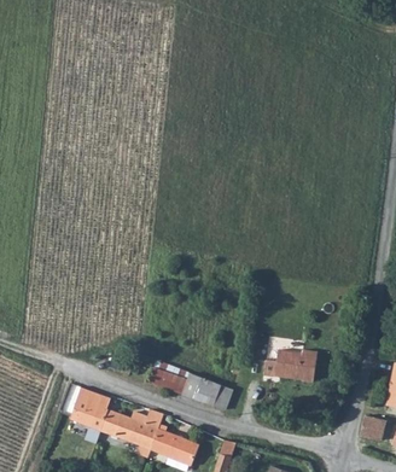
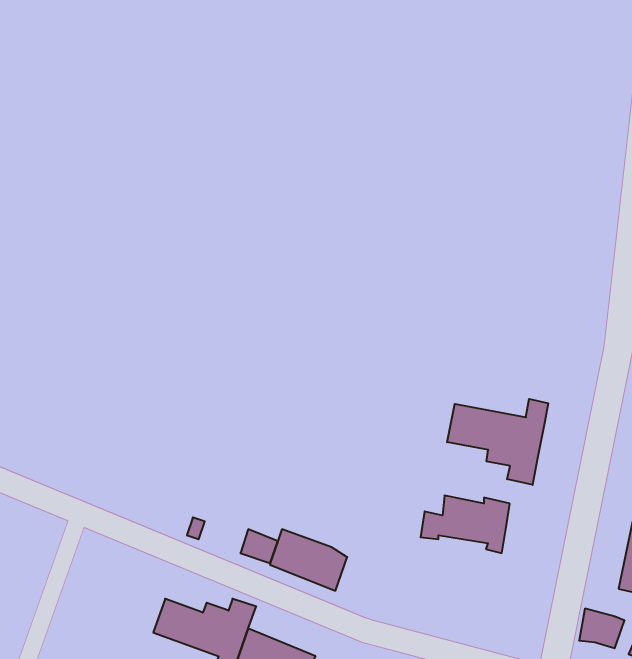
building: none -> [447,399,548,485]
building: [71,390,110,430] -> none

